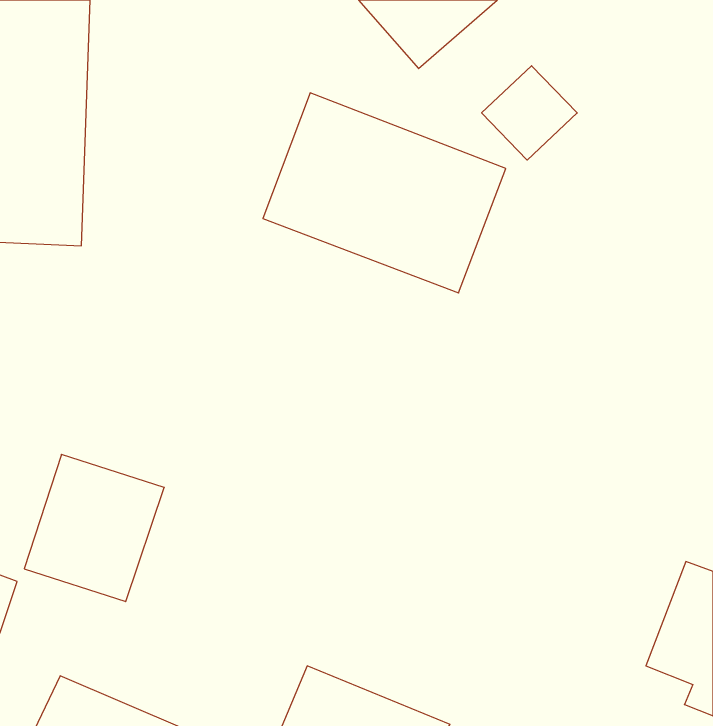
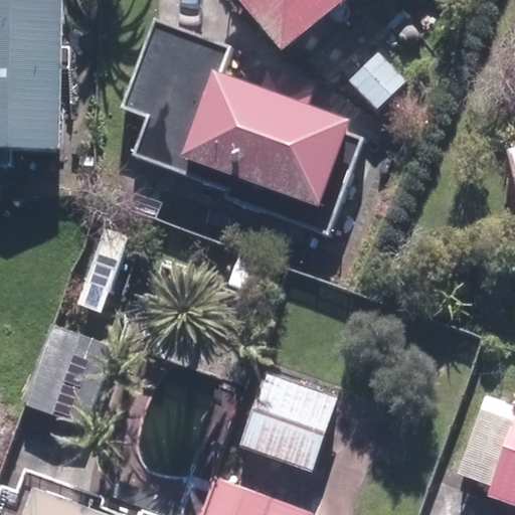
building: none -> [117,20,225,174]
building: none -> [233,368,341,480]

